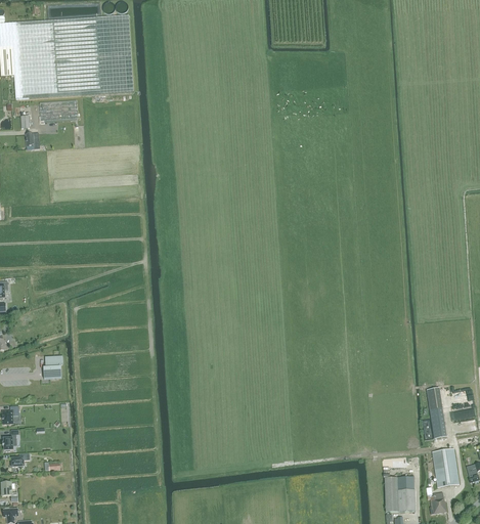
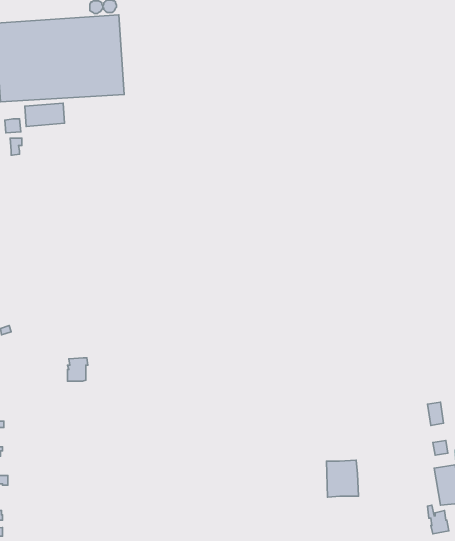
building: [43,355,62,378] -> [68,358,88,381]
building: [384,476,414,512] -> [326,460,358,497]

